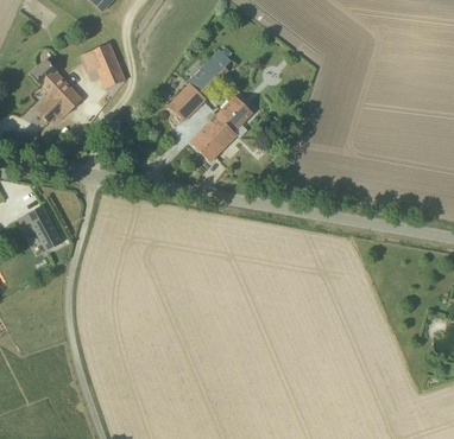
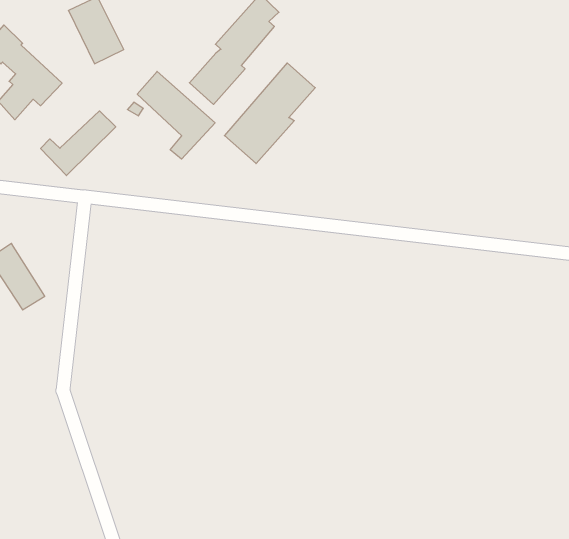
building: none -> [137,71,215,159]
building: none -> [41,111,116,176]

